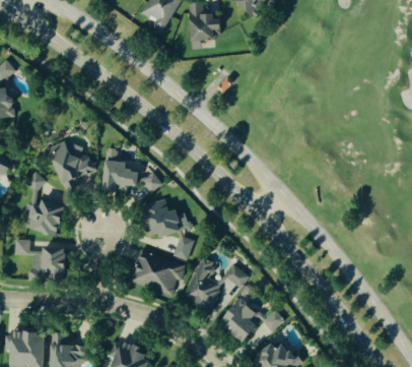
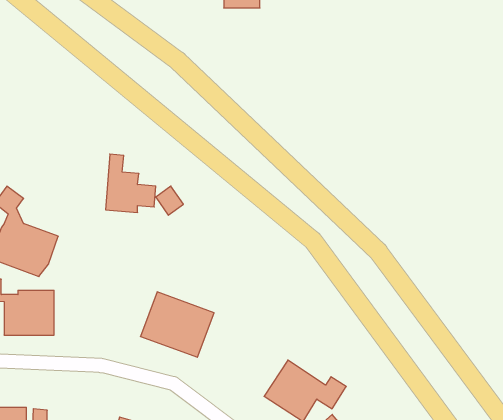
building: [49,141,93,195] -> none
building: [145,199,193,260] -> none
building: [183,256,248,310] -> none

